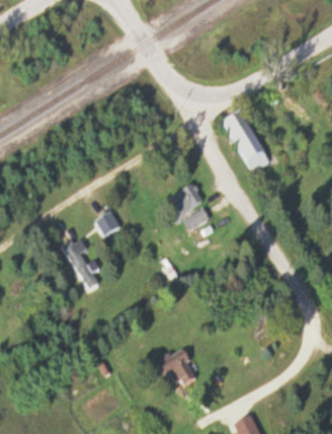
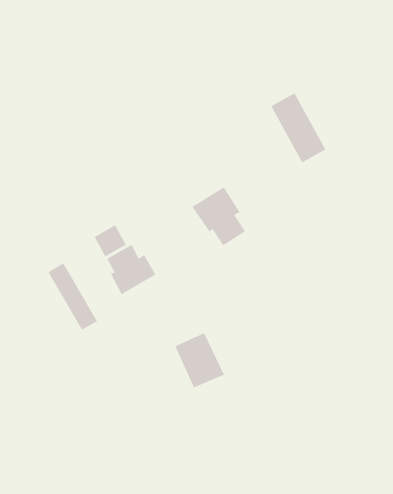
building: none -> [107,244,156,295]
building: [161,348,198,389] -> [175,333,225,388]

